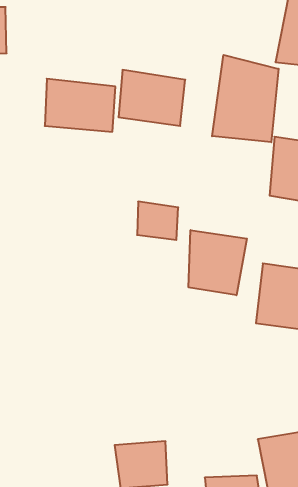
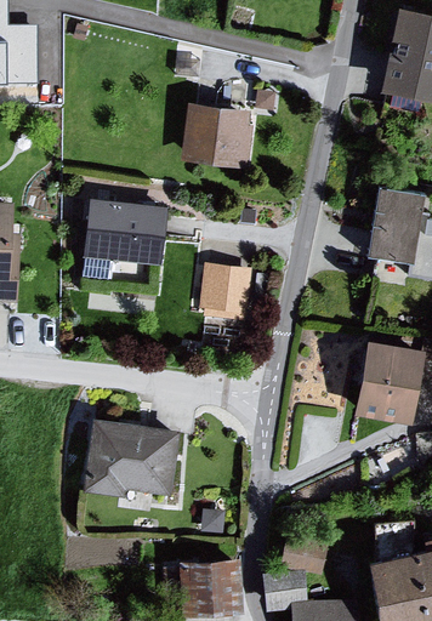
building: [212,55,279,142] -> none
building: [45,79,115,132] -> [83,195,170,261]
building: [189,230,247,295] -> none
building: none -> [84,420,180,500]

